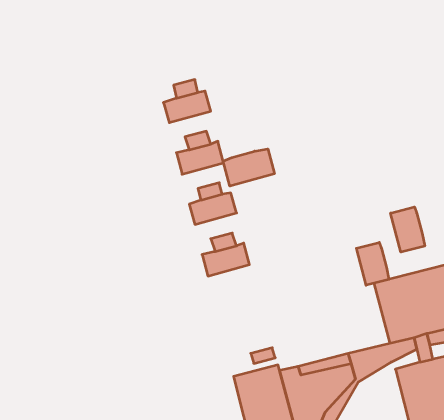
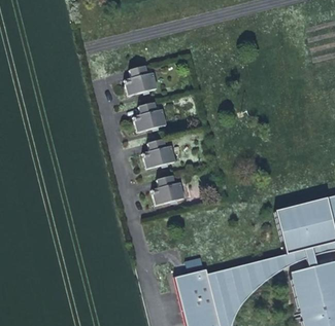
building: [223,149,274,186] -> none
building: [391,207,425,252] -> none
building: [356,242,389,285] -> none

